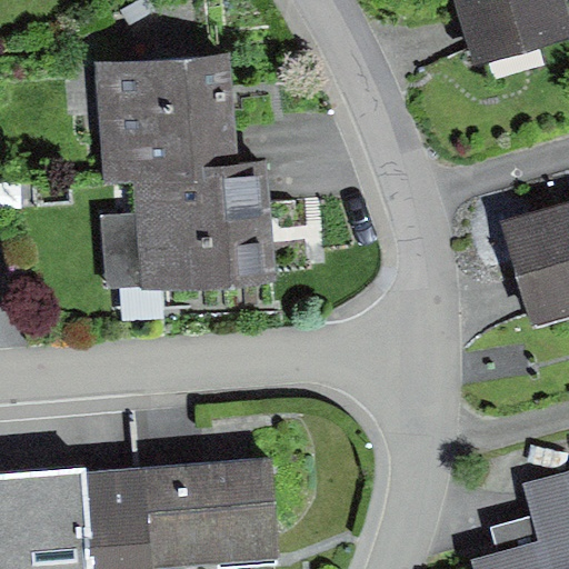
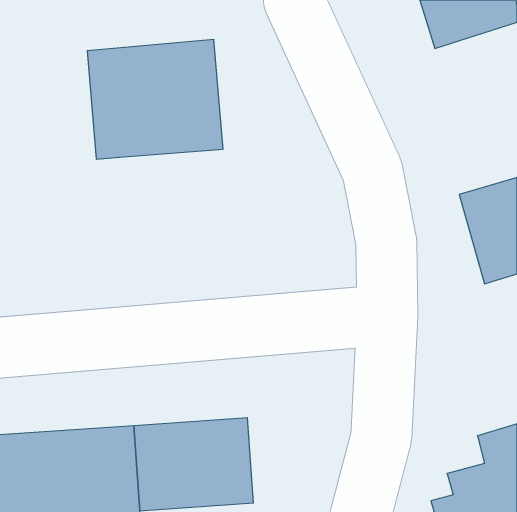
building: [98,169,276,296] -> none

